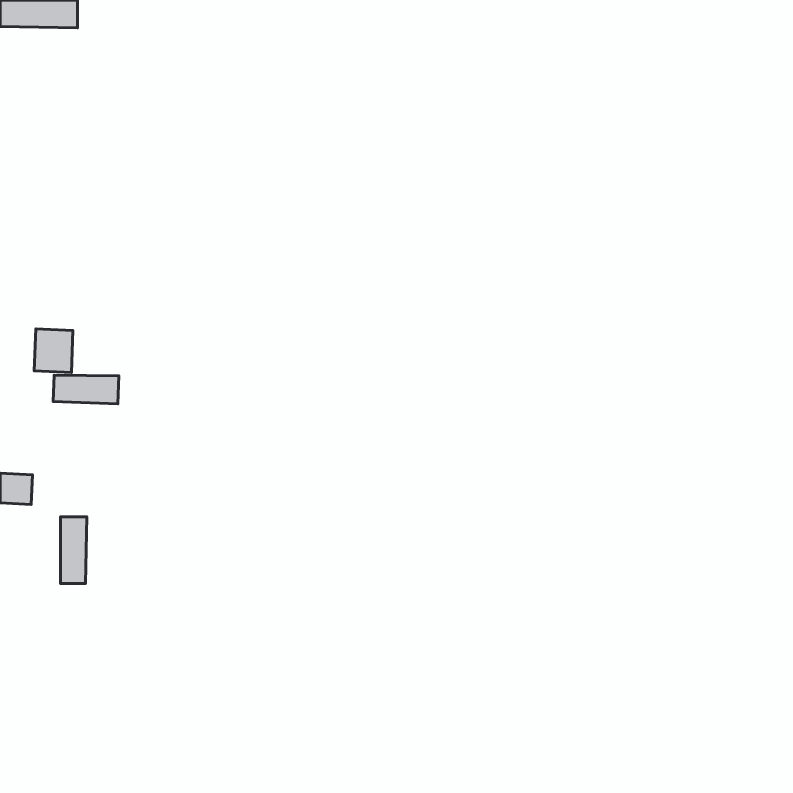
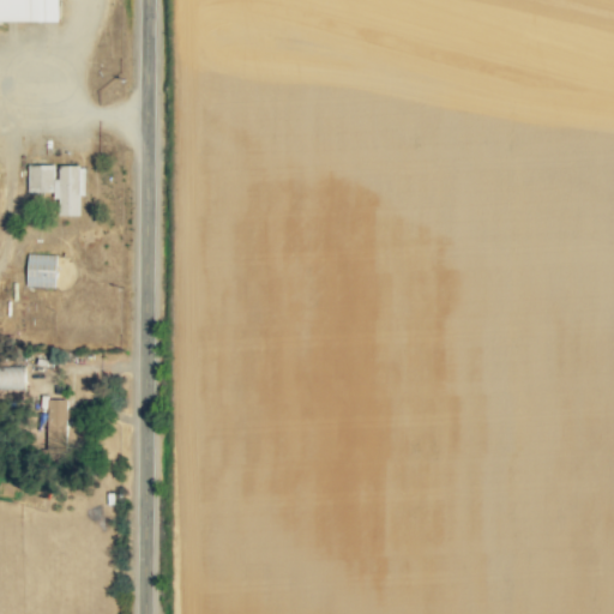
building: none -> [28,165,85,216]
building: [53,375,119,404] -> none

